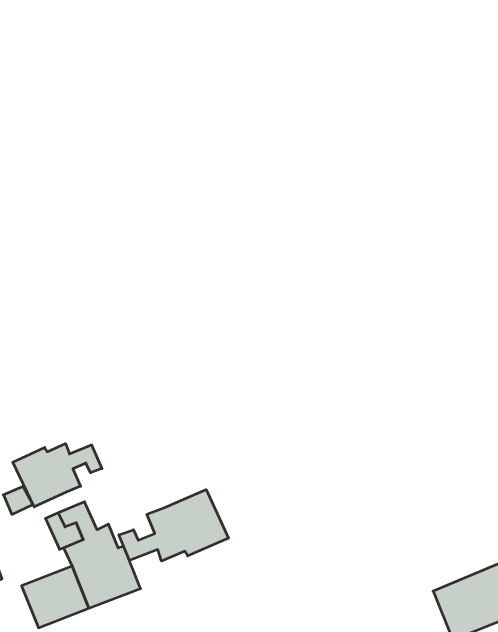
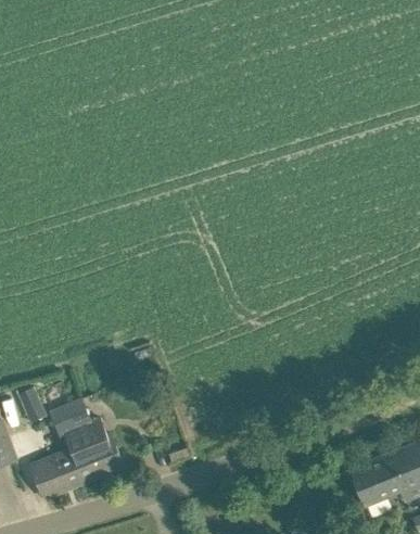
building: [13,444,102,507] -> none
building: [119,490,228,561] -> none

